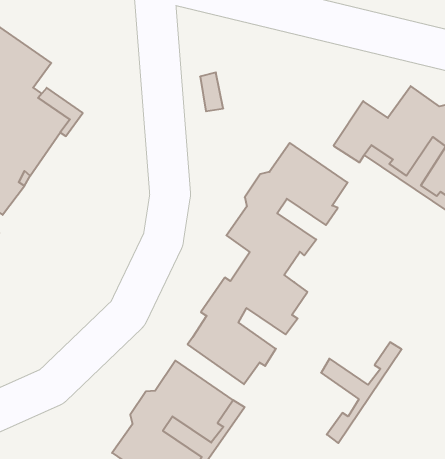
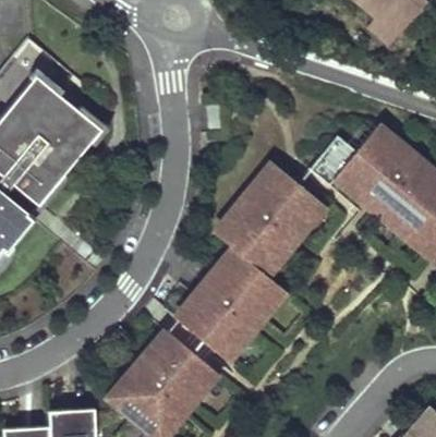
building: none -> [259,201,326,277]
building: [321,342,402,443] -> [220,286,287,363]

